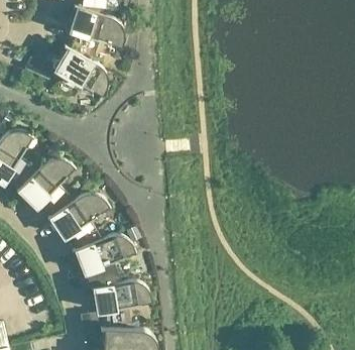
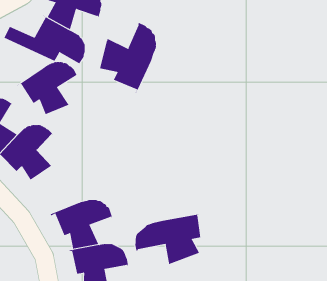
building: none -> [99,22,157,94]
building: [45,194,108,248] -> [16,62,78,115]
building: none -> [135,213,201,265]

